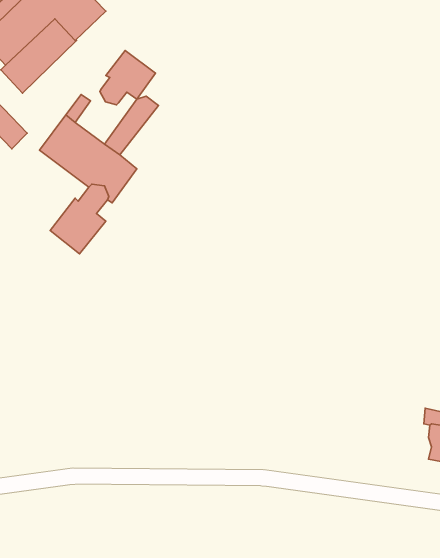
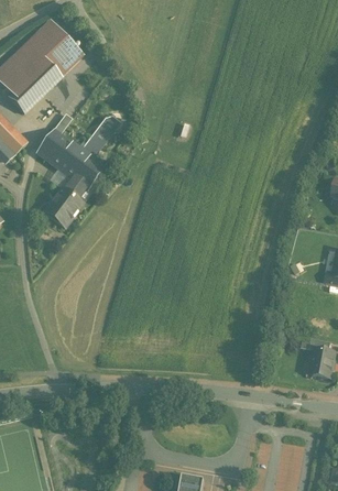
building: [100,50,156,105] -> none

